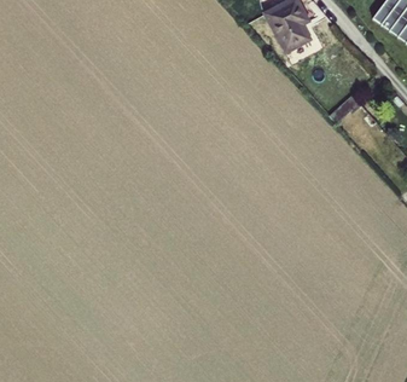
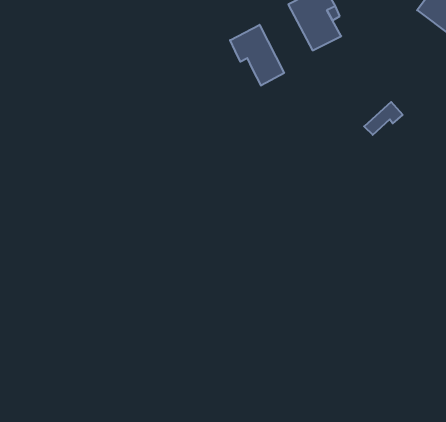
building: none -> [230,25,284,86]

